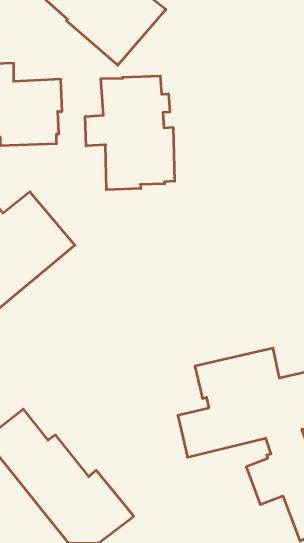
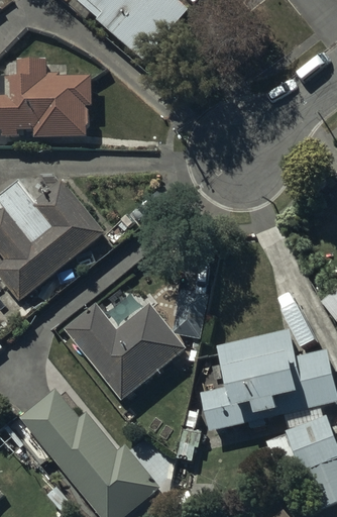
building: [85,76,175,190] -> none
building: none -> [63,288,209,401]

